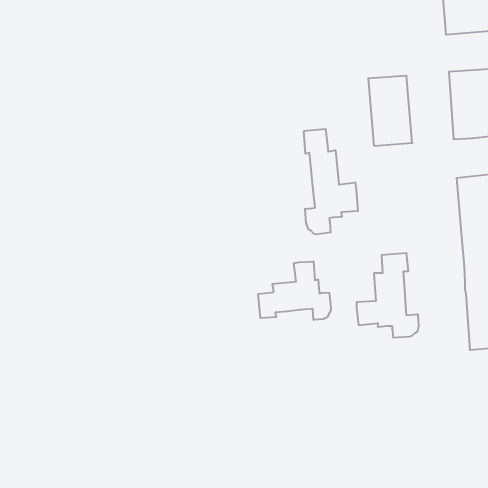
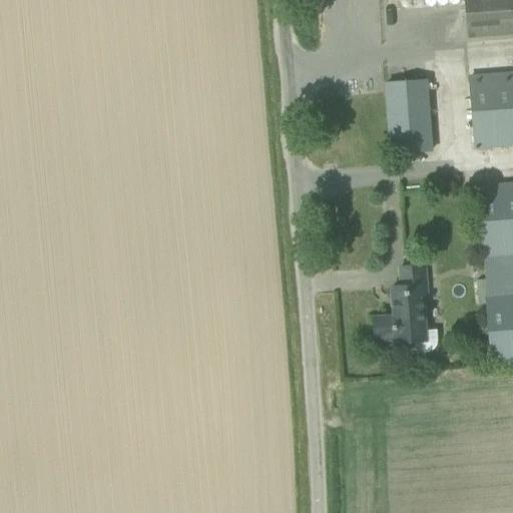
building: [304,129,358,234] -> none
building: [258,261,331,320] -> none

